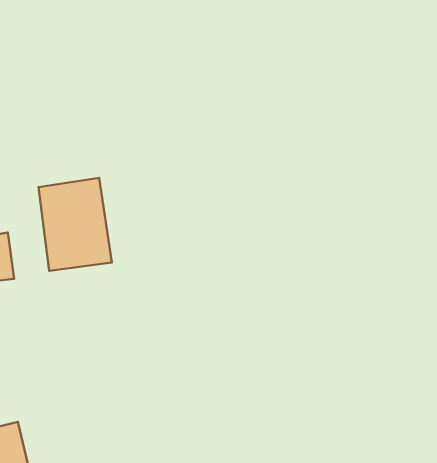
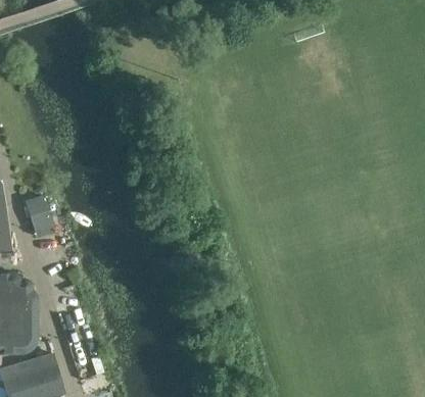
building: [39,178,112,271] -> none

